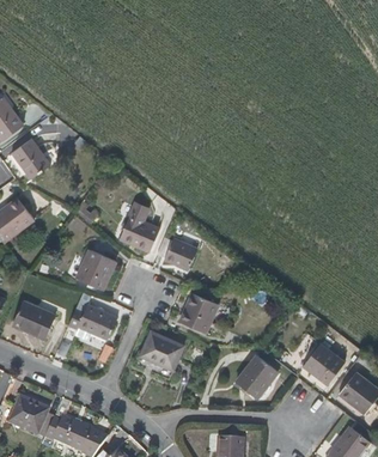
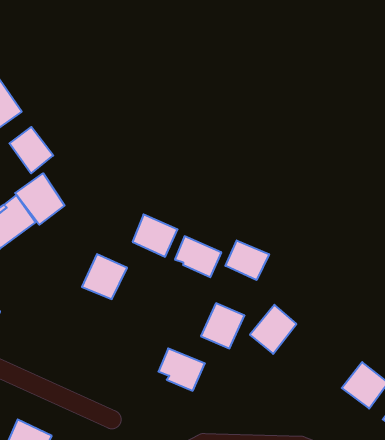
building: none -> [15,173,65,225]
building: none -> [225,240,269,280]
building: [12,300,55,339] -> none
building: [68,304,117,340] -> none
building: [236,354,276,397] -> [250,305,296,354]

